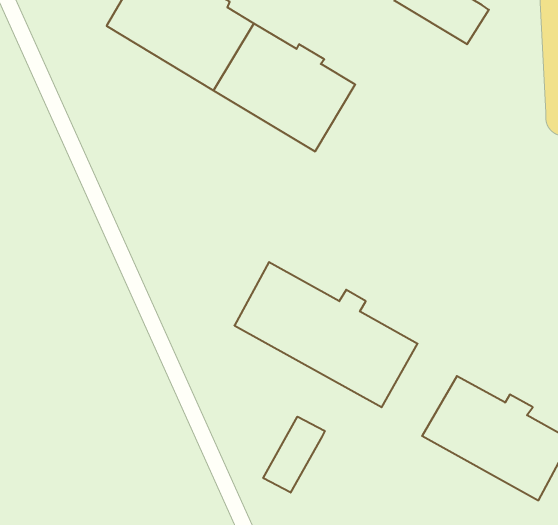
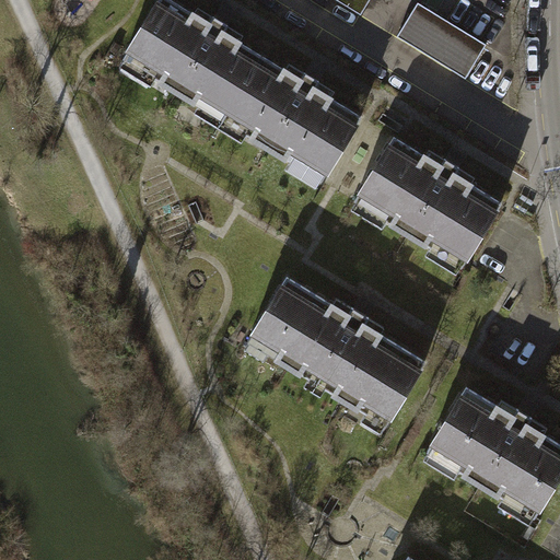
building: none -> [361,139,504,260]
building: [263,417,325,493] -> none

